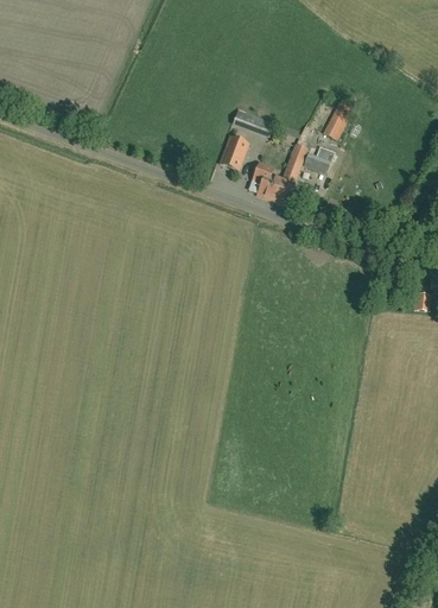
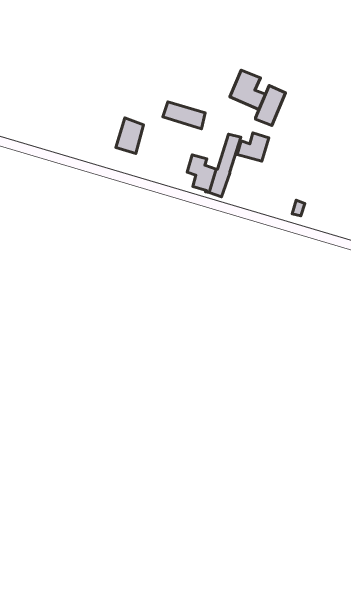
building: none -> [230,70,265,110]
building: [220,135,248,171] -> [116,118,144,153]

